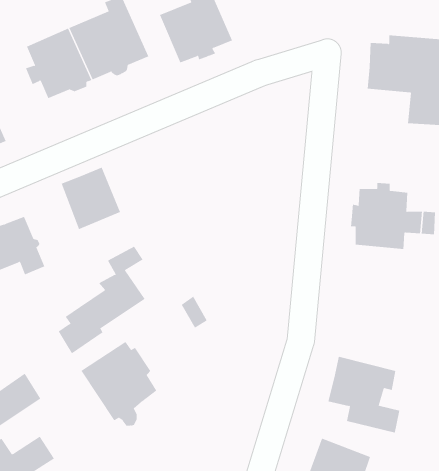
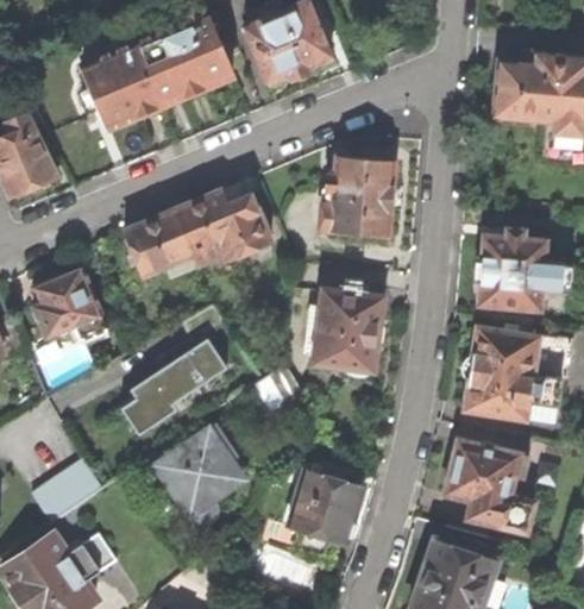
building: none -> [324,157,395,236]
building: none -> [174,189,270,264]
building: none -> [315,289,385,376]
building: none -> [461,327,571,419]
building: none -> [289,464,366,559]

